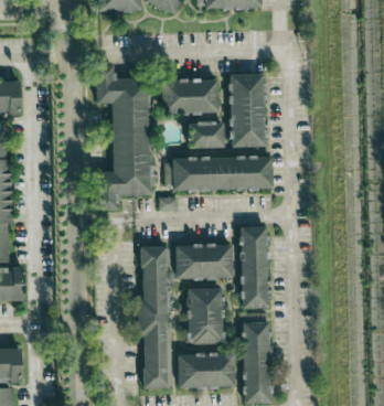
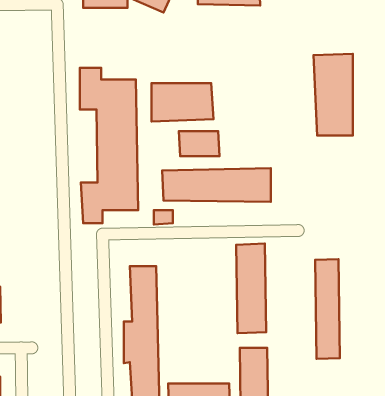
building: [228,73,265,148] -> [313,54,353,135]
building: none -> [315,259,340,359]
building: [177,246,232,277] -> none
building: [188,289,223,342] -> none

